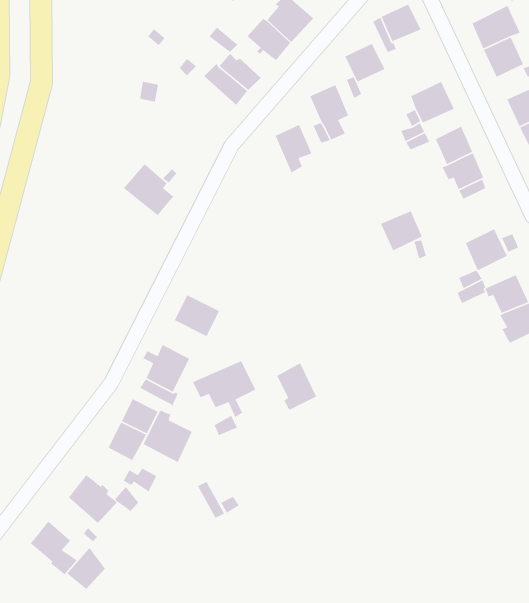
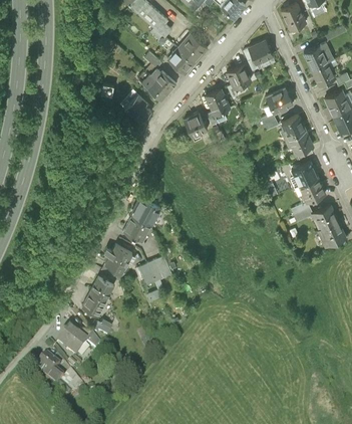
building: [123,163,174,216] -> [119,92,150,125]
building: [380,210,423,252] -> [291,160,317,185]
building: none -> [130,197,160,226]
building: [276,362,317,410] -> none
building: [142,409,193,463] -> none

